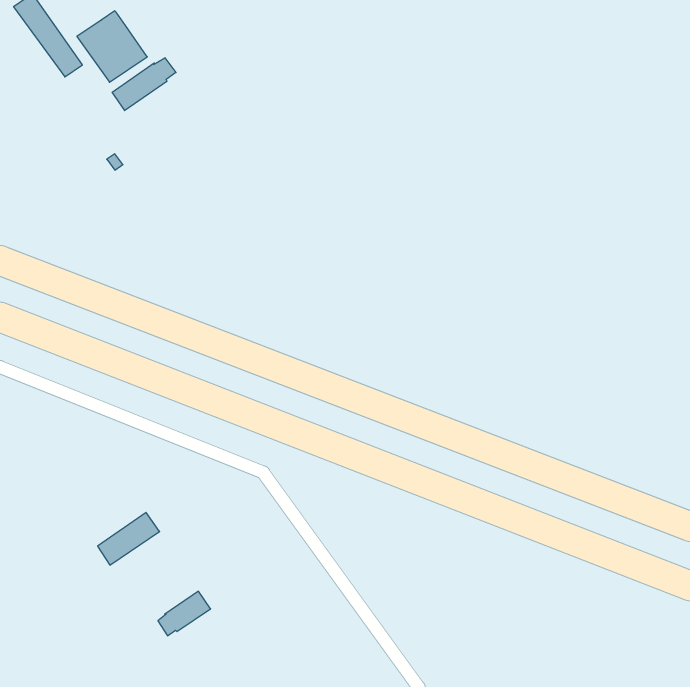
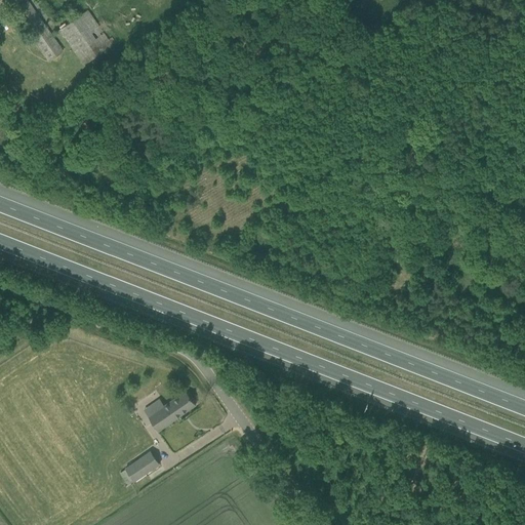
building: [112,58,176,111] -> none
building: [98,512,160,565] -> [149,389,196,429]

